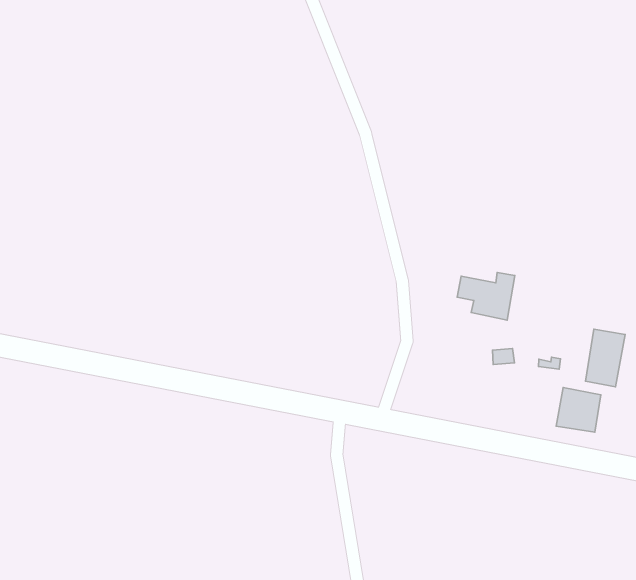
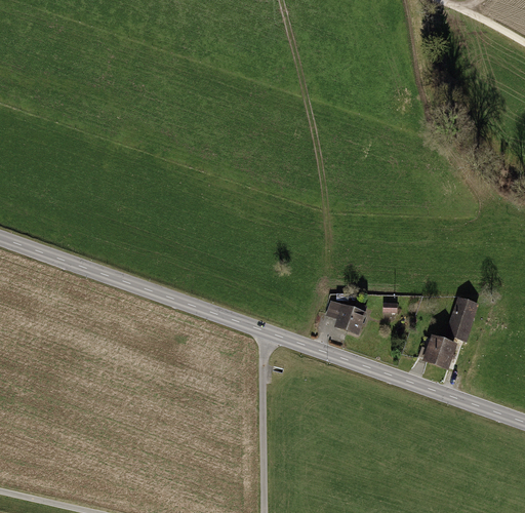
building: [457,272,515,320] -> [325,300,368,336]

